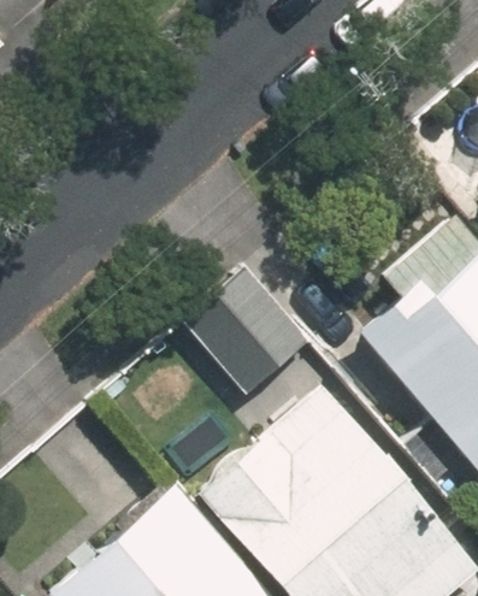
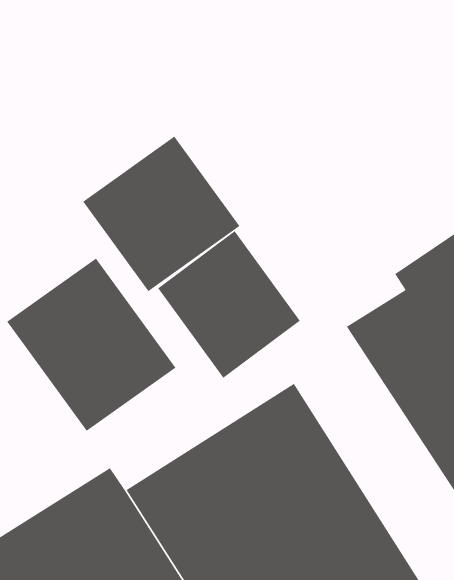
building: none -> [82,136,241,292]
building: none -> [6,257,176,432]

